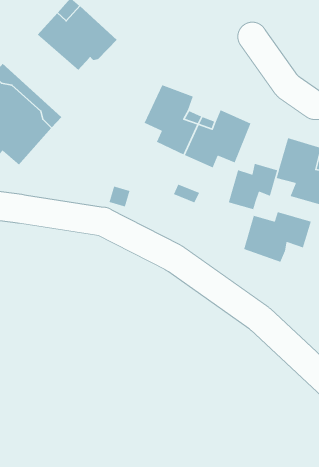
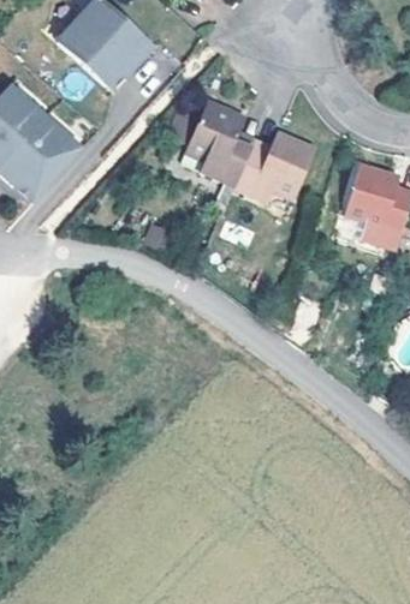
building: [228,163,278,210] -> none
building: [243,211,312,263] -> none

